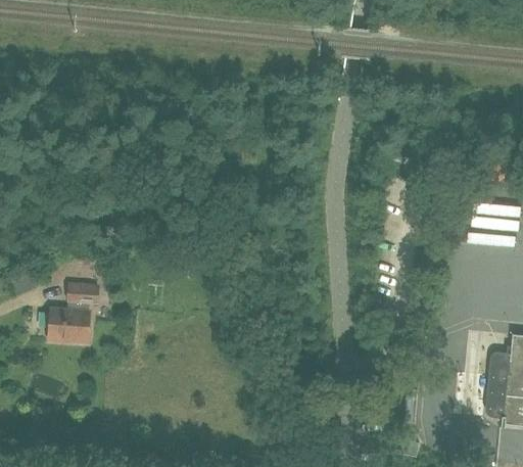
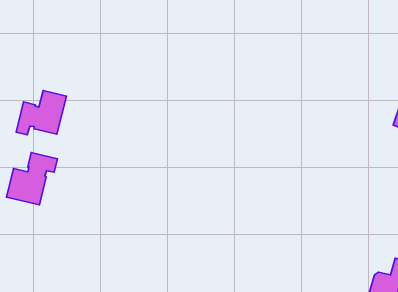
building: none -> [16,90,66,135]

